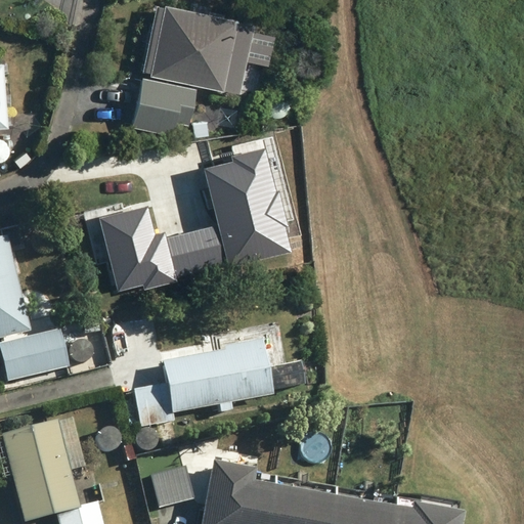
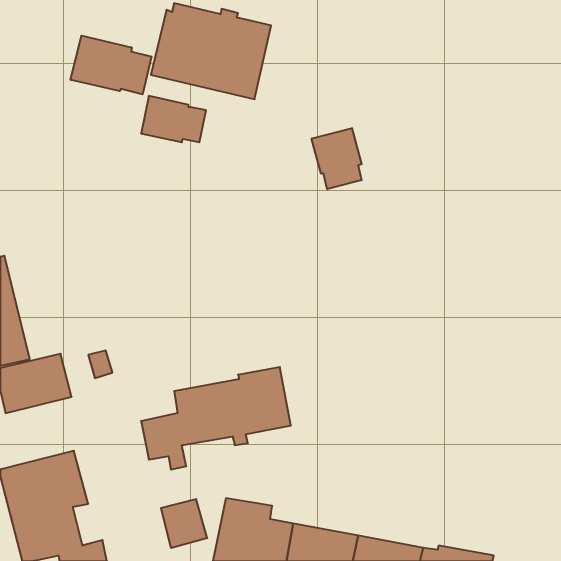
building: none -> [71,36,152,94]
building: none -> [312,128,362,189]
building: [101,145,294,289] -> none

